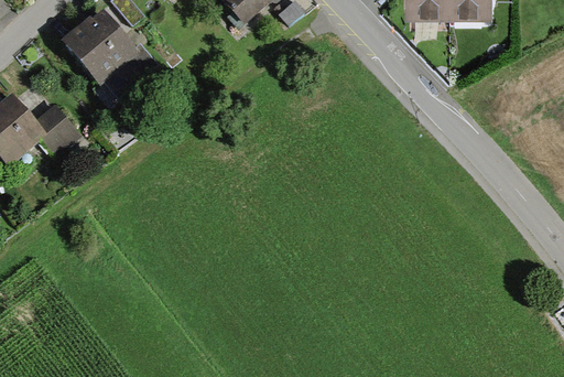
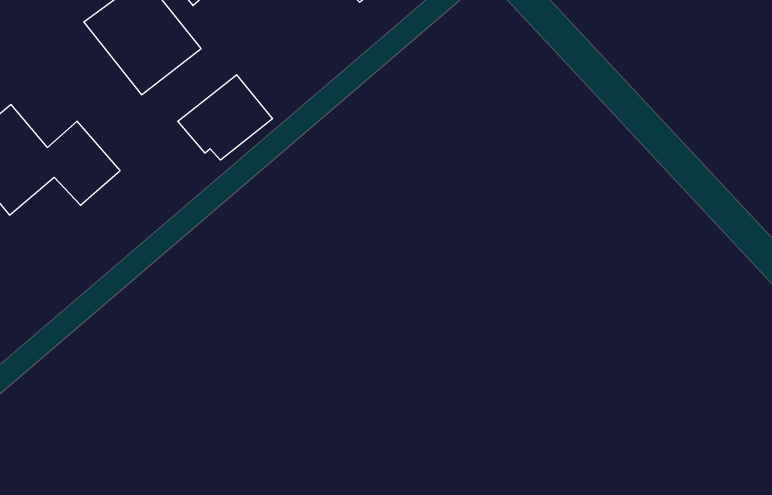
building: none -> [178,75,272,160]

